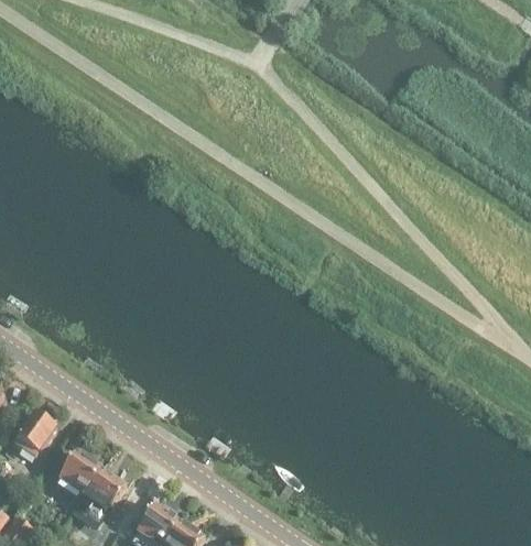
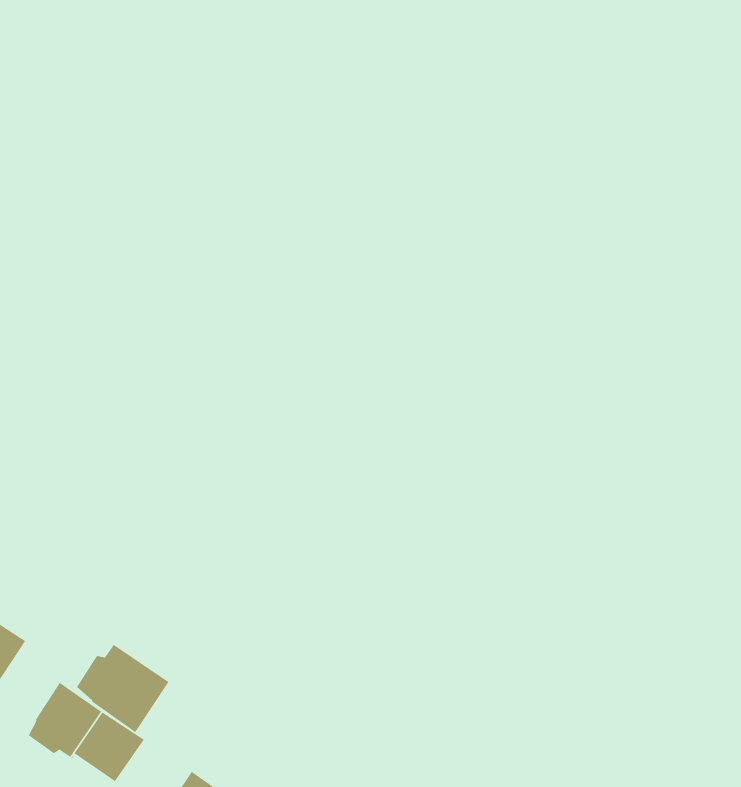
building: none -> [76,644,169,733]

